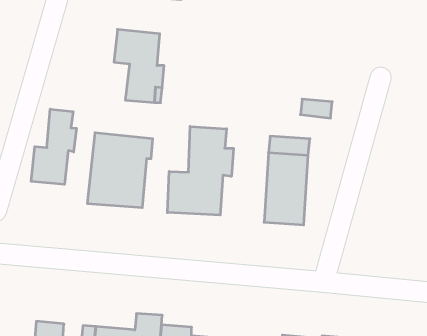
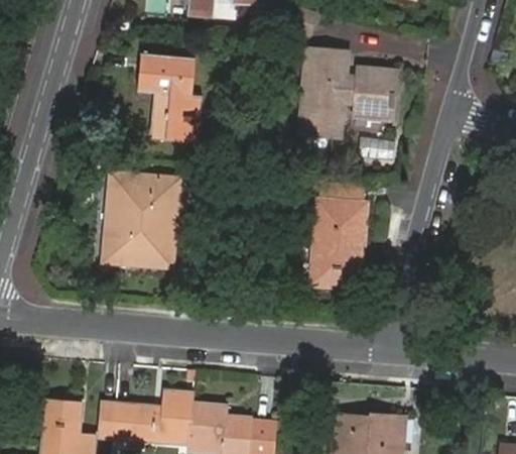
building: none -> [302,49,395,133]
building: [31,109,76,184] -> none
building: [167,126,233,215] -> none

